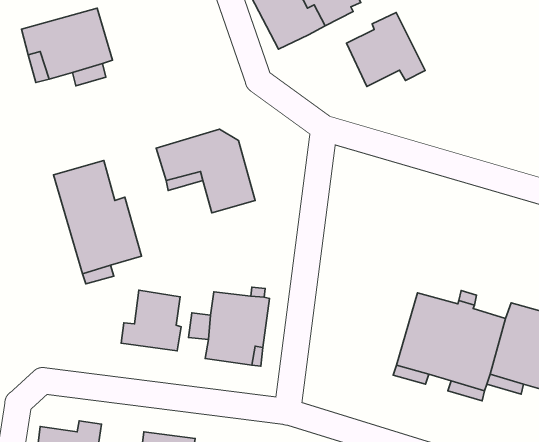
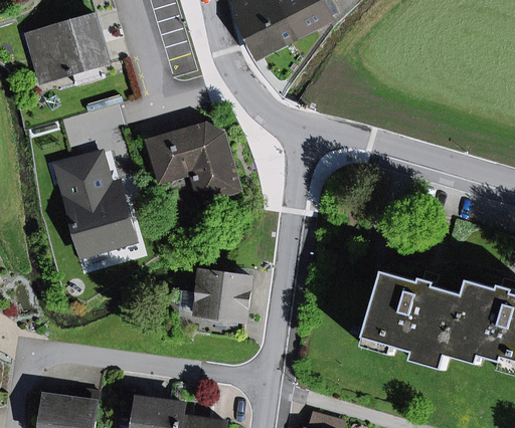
building: [346,13,425,87] -> none
building: [121,290,181,351] -> none

